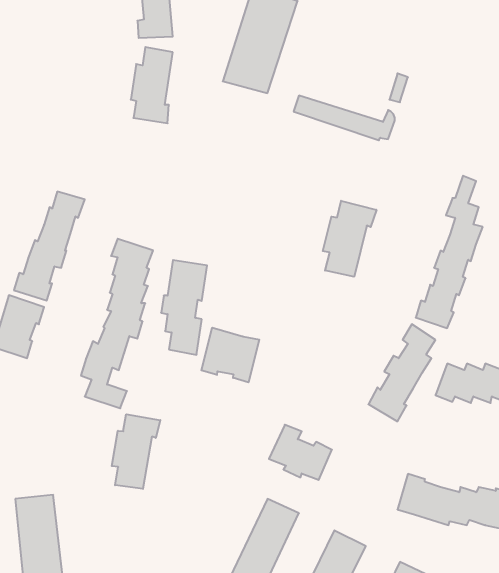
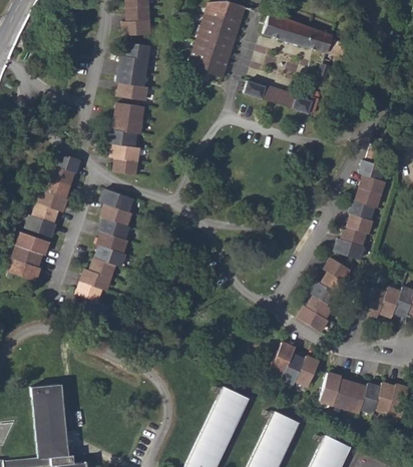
building: none -> [263,15,346,59]
building: [323,201,376,277] -> none
building: [161,260,207,355] -> [109,103,144,175]
building: [201,328,259,382] -> none
building: [112,414,160,489] -> none
building: [269,425,332,480] -> [272,340,320,382]

